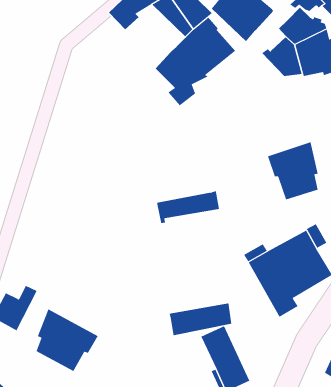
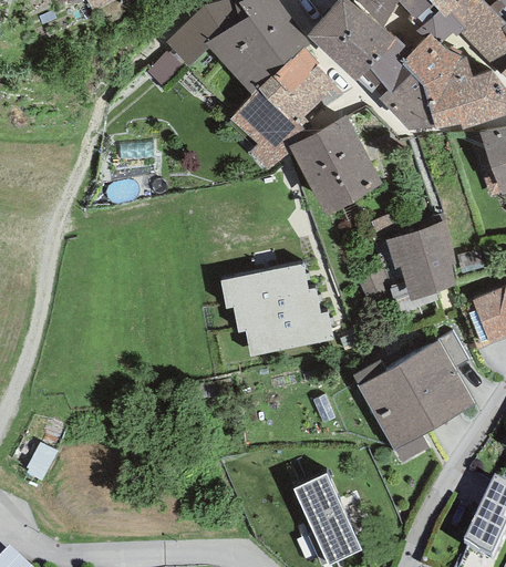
building: none -> [205,30,272,95]
building: none -> [370,35,412,94]
building: none -> [289,114,385,217]
building: none -> [220,264,308,308]
building: [169,303,232,336] -> [245,311,332,357]
building: [36,308,98,372] -> none

